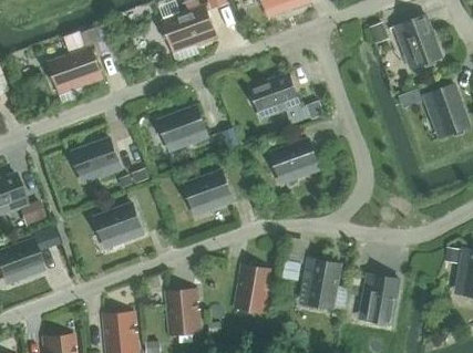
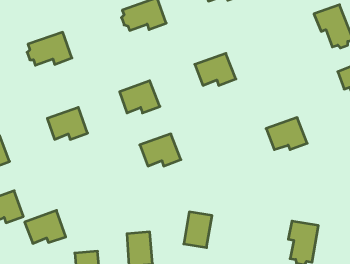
building: [270,139,320,178] -> [266,118,307,150]
building: [94,204,144,243] -> [25,210,66,243]
building: [305,259,341,312] -> none

